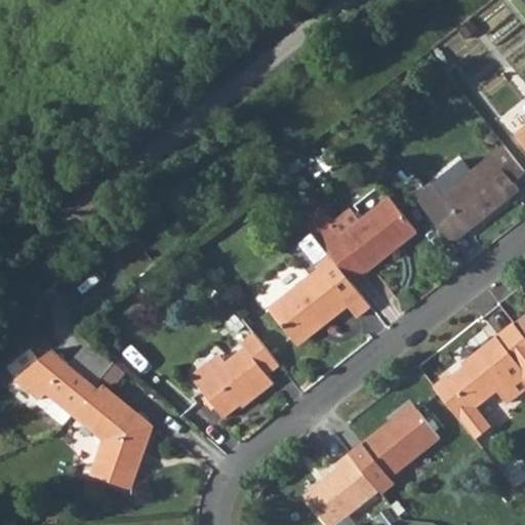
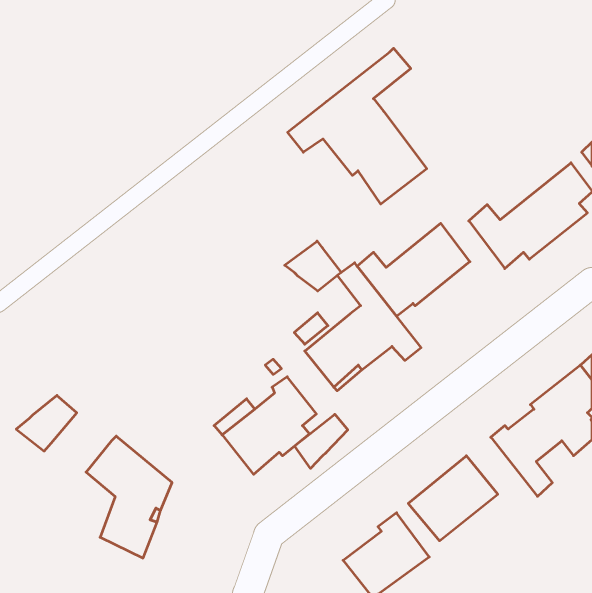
building: none -> [288,48,427,204]
building: none -> [285,241,341,291]
building: [45,365,98,417] -> none
building: none -> [295,414,348,468]

